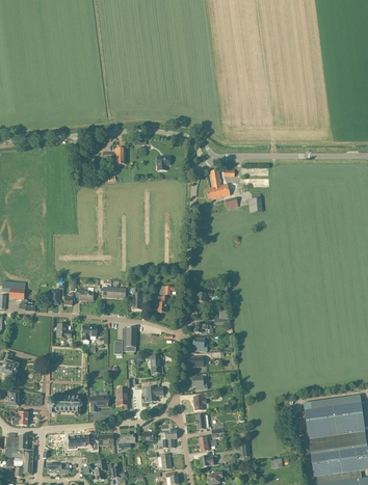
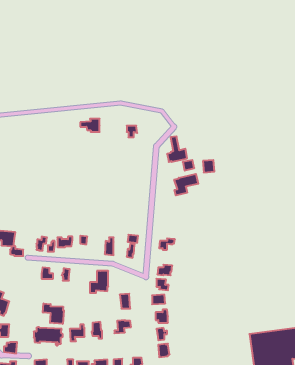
building: none -> [174,174,198,195]
building: none -> [43,303,64,324]

